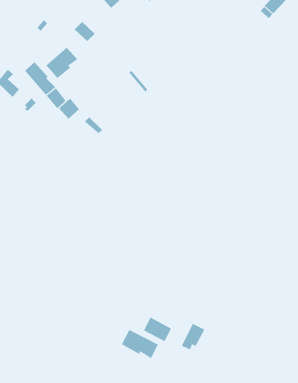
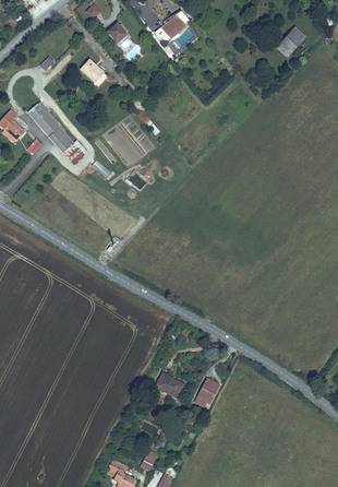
building: [46,47,78,79] -> none
building: [121,329,158,359] -> none

